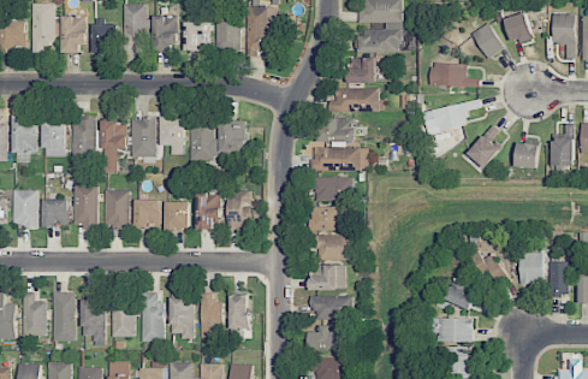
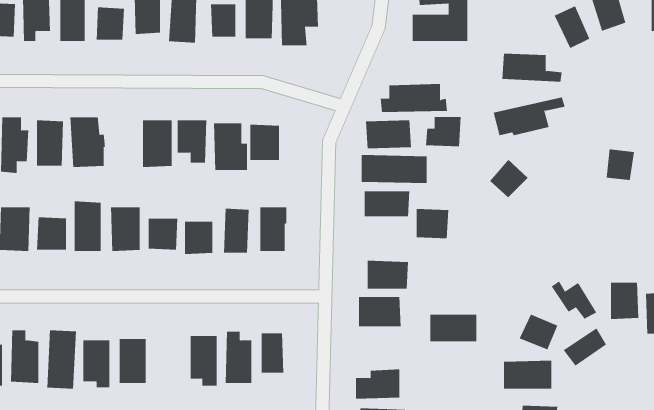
building: [345,58,375,83] -> [425,116,461,147]
building: [101,120,126,171] -> none
building: [467,135,499,167] -> [489,159,528,198]
building: [311,206,339,231] -> [416,208,449,239]
building: none -> [563,328,607,367]
building: [139,292,164,340] -> none
building: [311,296,351,319] -> [429,314,477,342]

